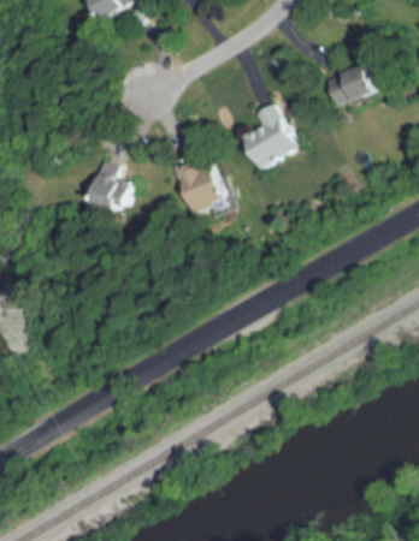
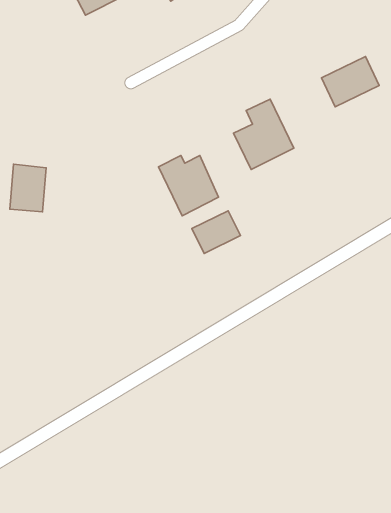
building: [88,161,123,207] -> [10,164,46,212]
building: none -> [192,211,241,253]

